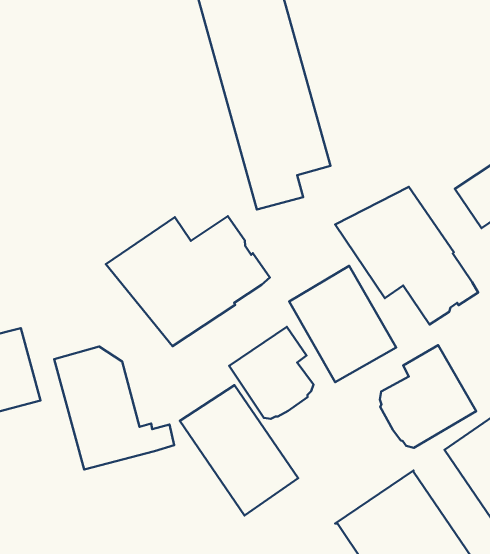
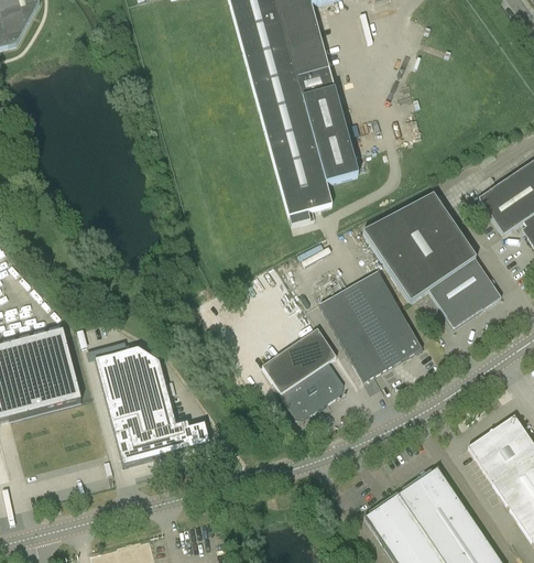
building: [106,216,270,346] -> none
building: [380,345,476,448] -> none
building: [180,385,298,516] -> none

